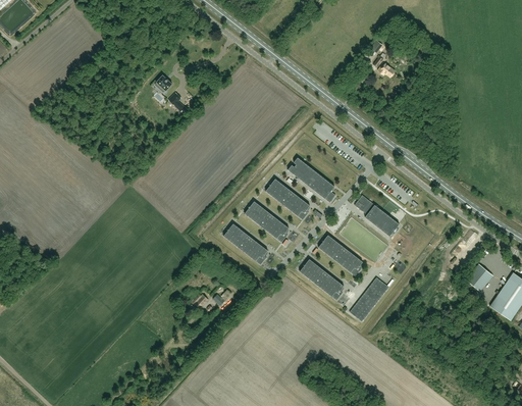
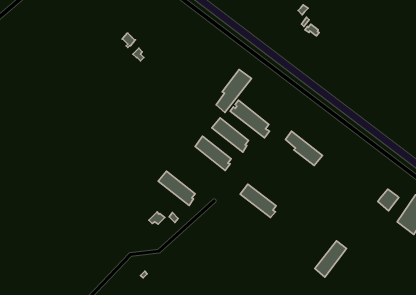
building: none -> [216,70,251,112]
building: [222,222,267,264] -> [158,171,195,205]
building: [317,234,362,275] -> none
building: [349,277,387,321] -> [315,241,347,277]

